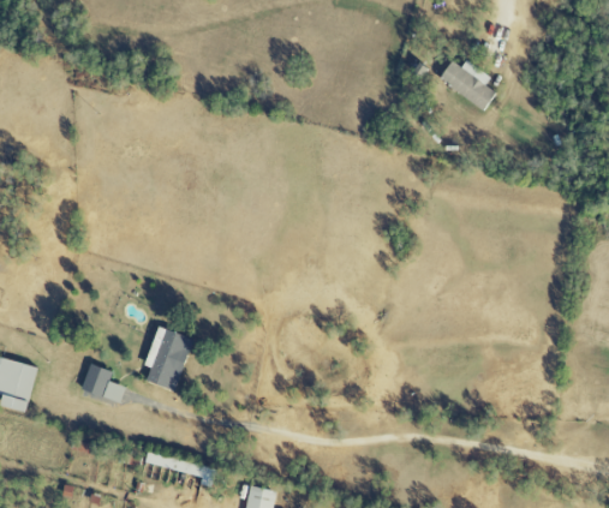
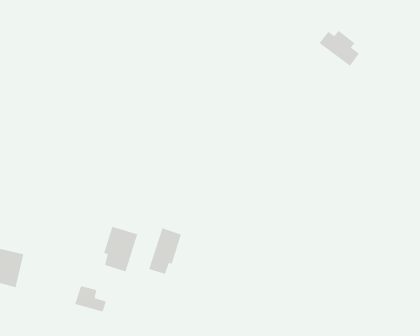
building: none -> [148,227,182,275]
building: [80,365,125,402] -> [74,285,107,313]

